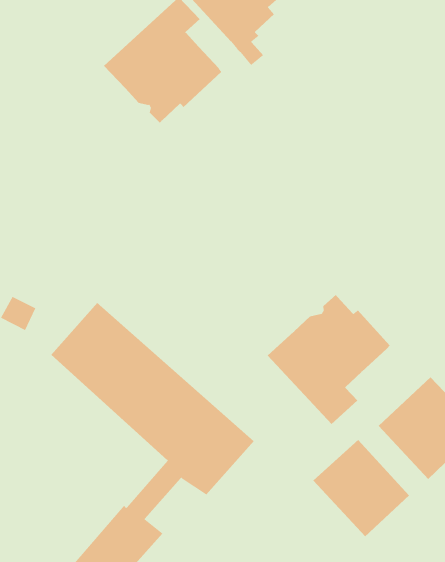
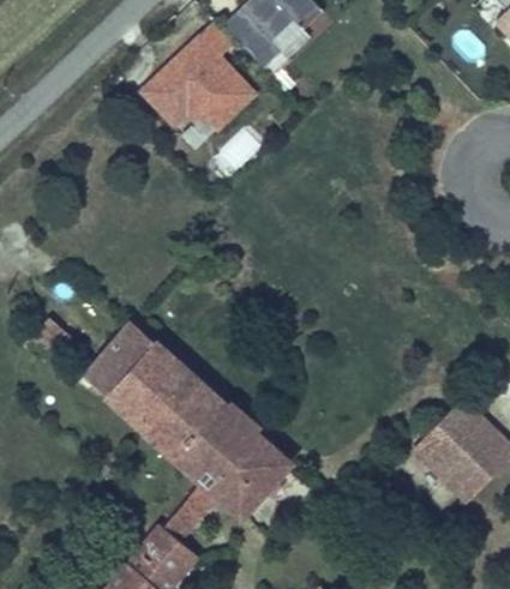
building: [267,294,390,425] -> none
building: [313,439,410,537] -> none

